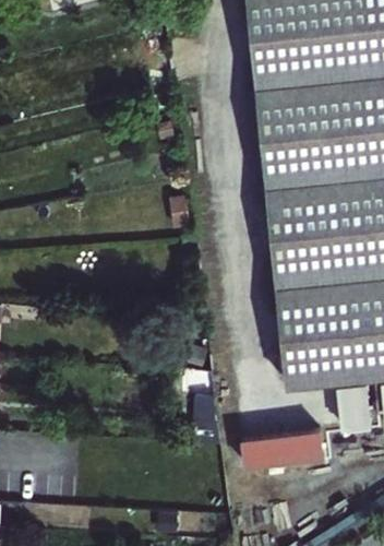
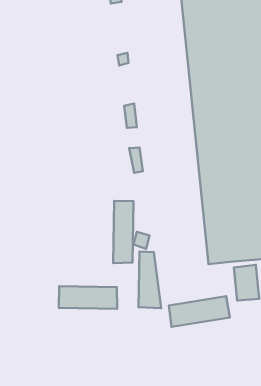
building: none -> [113,201,134,263]
building: none -> [59,286,117,309]

